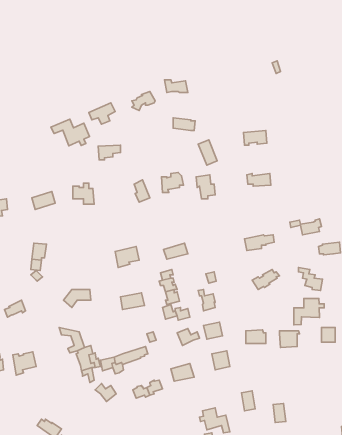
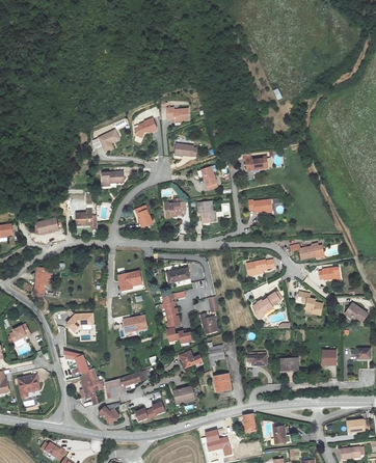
building: [51,119,90,146] -> none
building: [294,298,324,325] -> none

